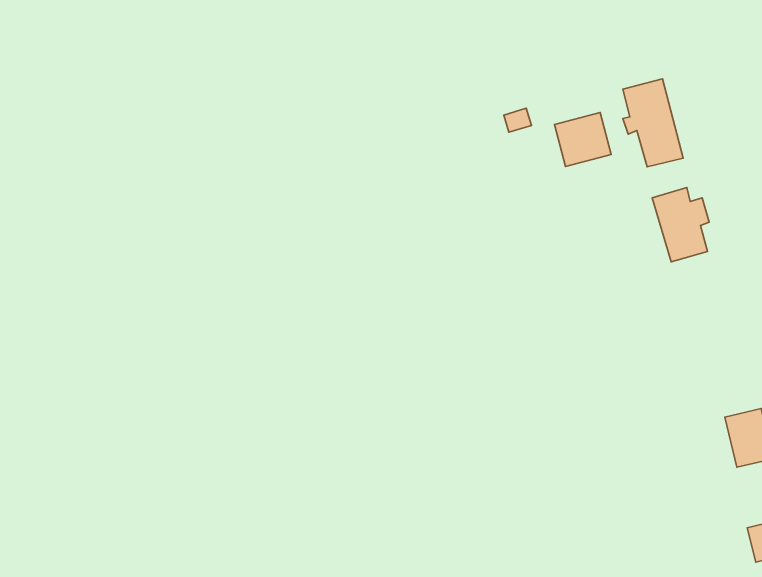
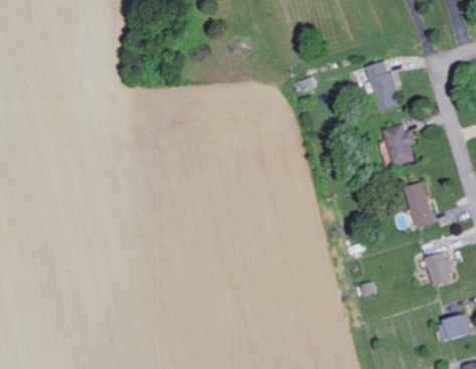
building: [554,113,611,167] -> none
building: none -> [403,182,433,227]

